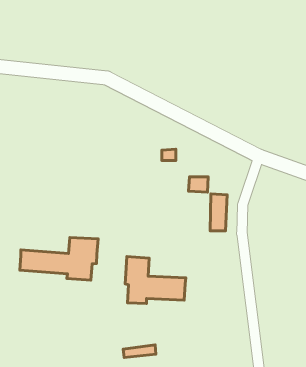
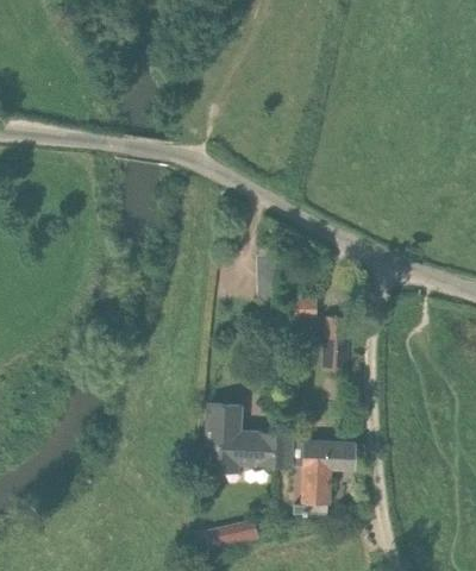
building: [20,237,98,280] -> none
building: none -> [288,441,353,516]

